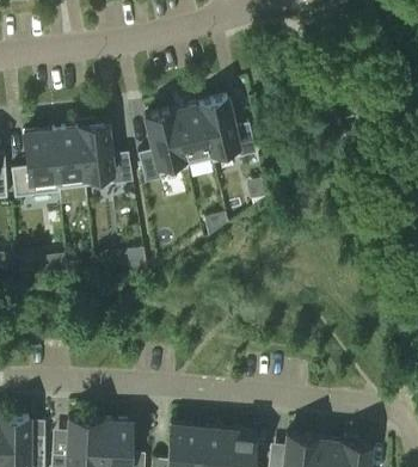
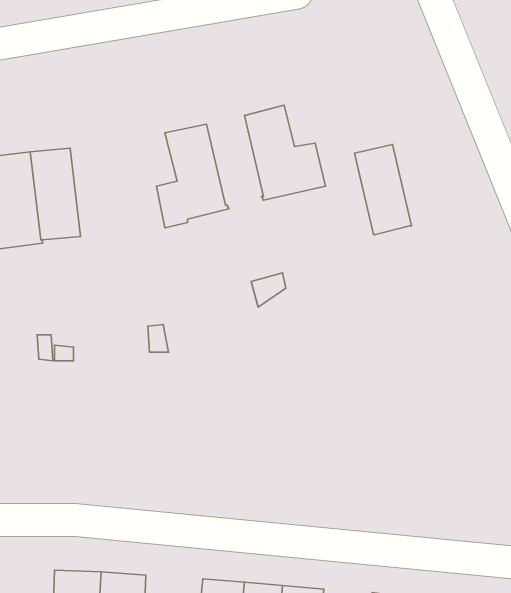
building: [173,103,213,165] -> [355,145,412,234]
building: [79,118,131,186] -> none

